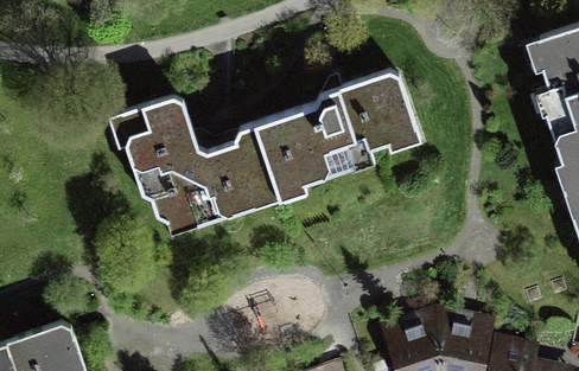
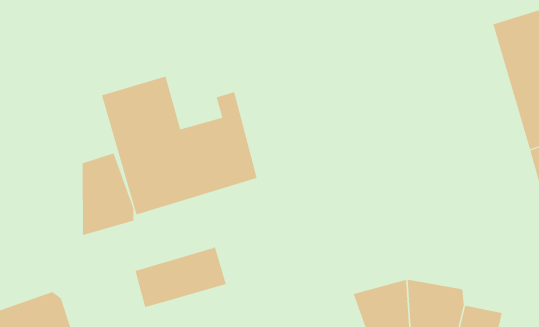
building: [255,68,431,204] -> none
building: none -> [82,152,134,236]
building: none -> [135,246,226,308]

